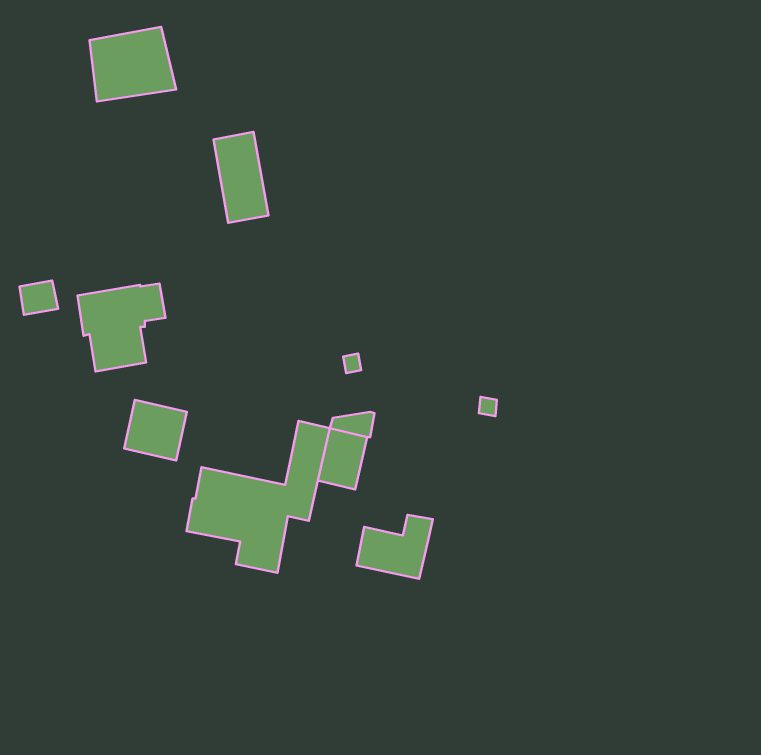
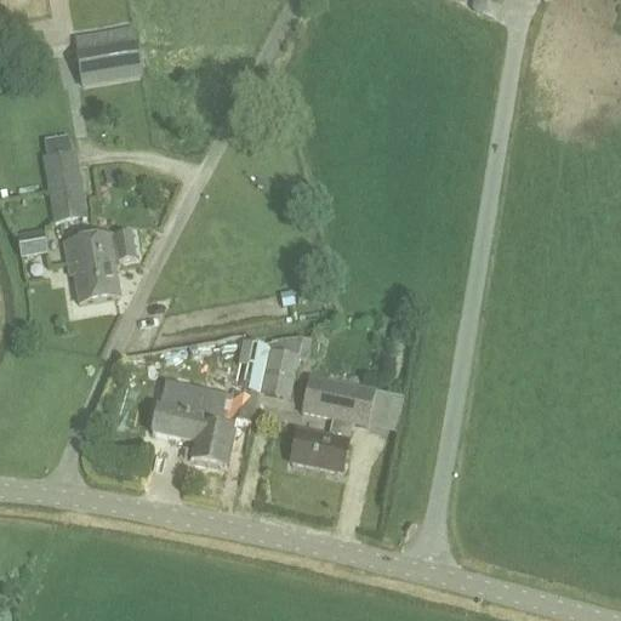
building: [213,132,269,223] -> [41,148,86,222]
building: [124,400,187,460] -> none
building: none -> [300,372,403,428]

